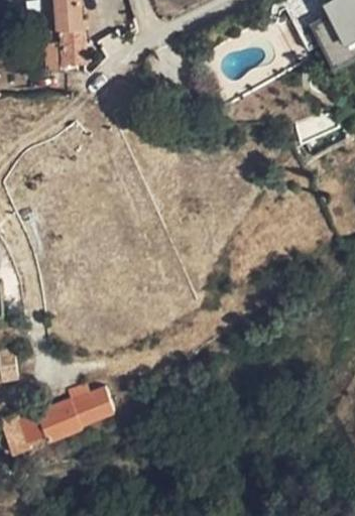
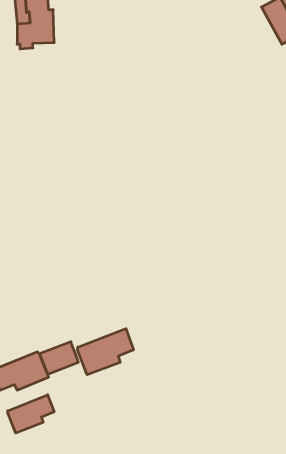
building: none -> [78,329,133,375]
building: none -> [8,395,54,433]

